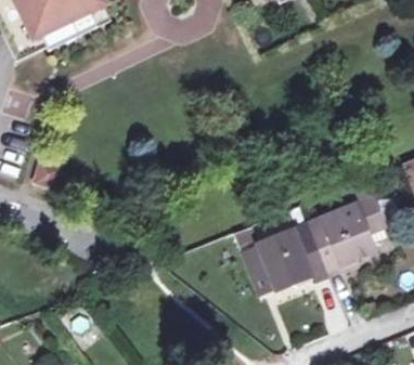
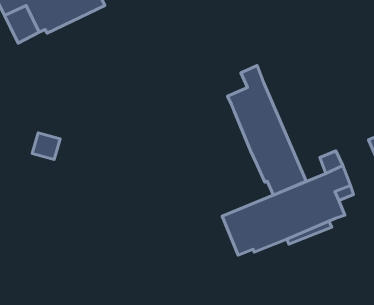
building: none -> [227,65,306,195]

